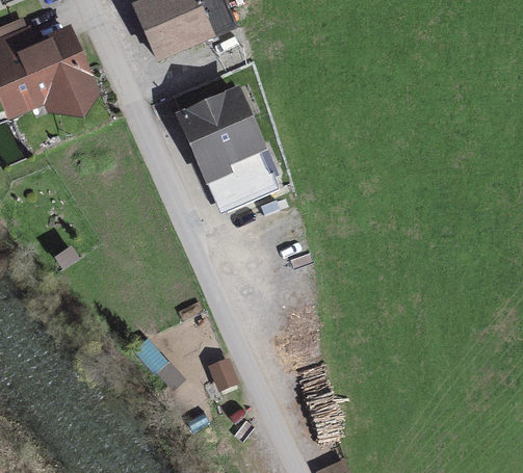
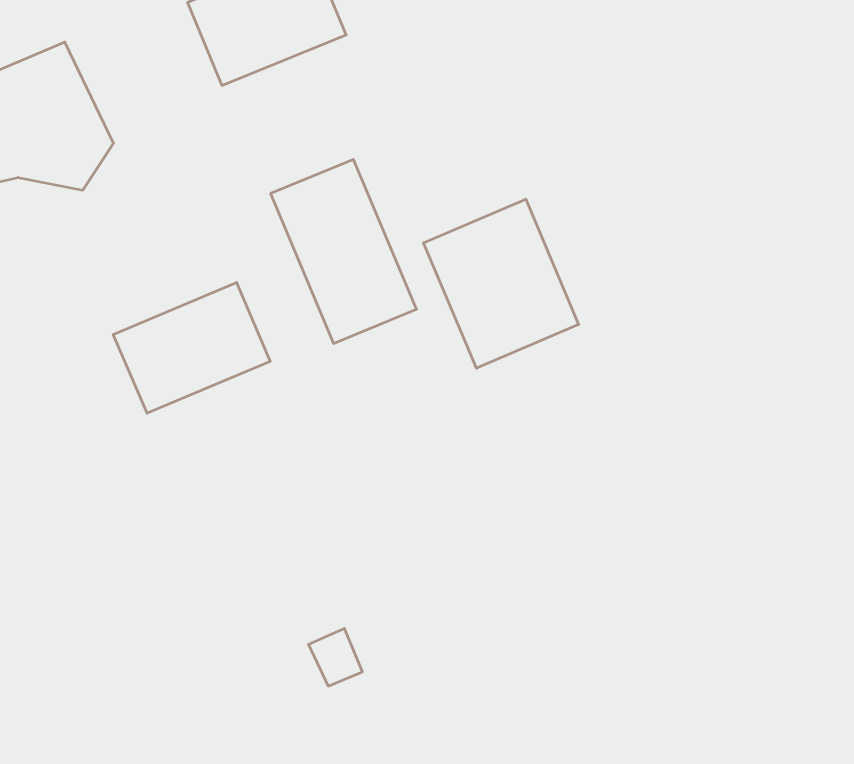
building: none -> [424,199,579,368]
building: none -> [113,282,270,413]

